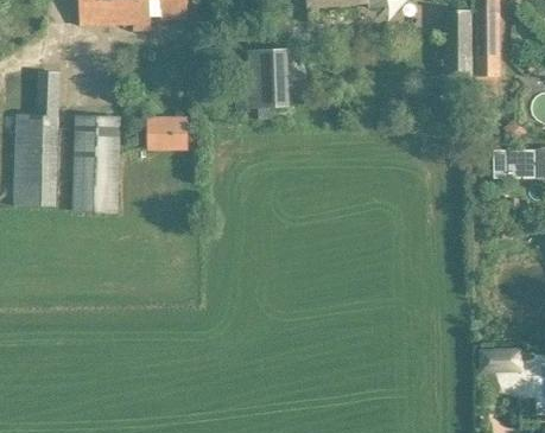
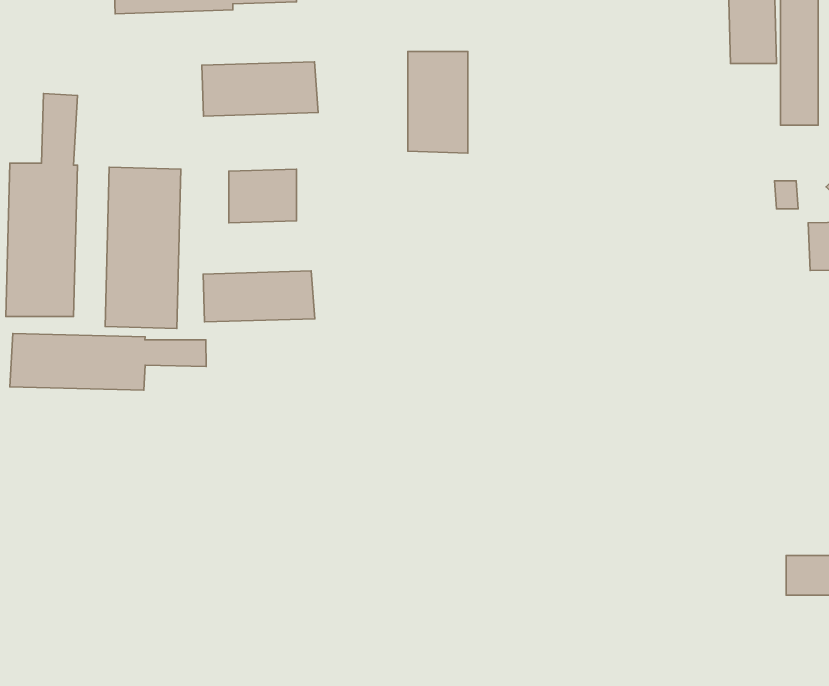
building: none -> [202,62,318,116]
building: none -> [203,271,315,322]
building: none -> [10,333,206,390]

